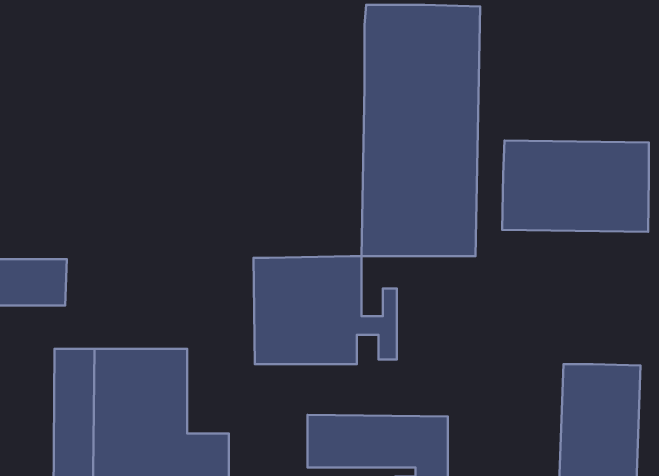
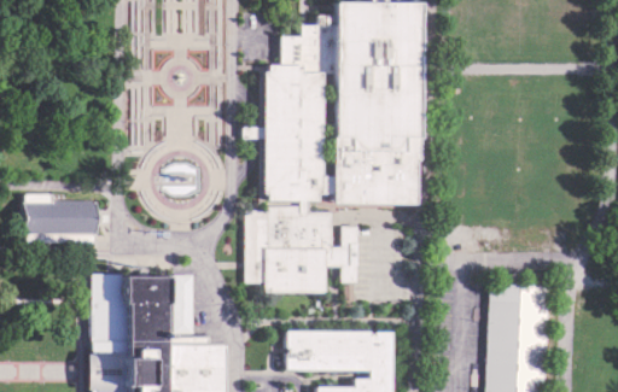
building: none -> [258,23,333,205]
building: [502,141,649,232] -> none

